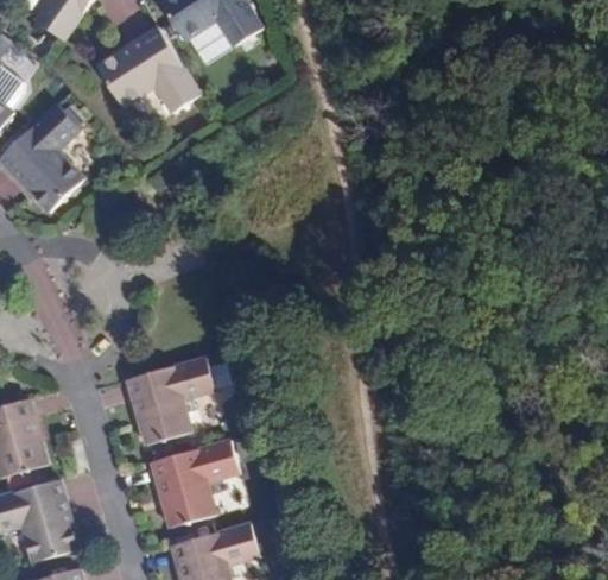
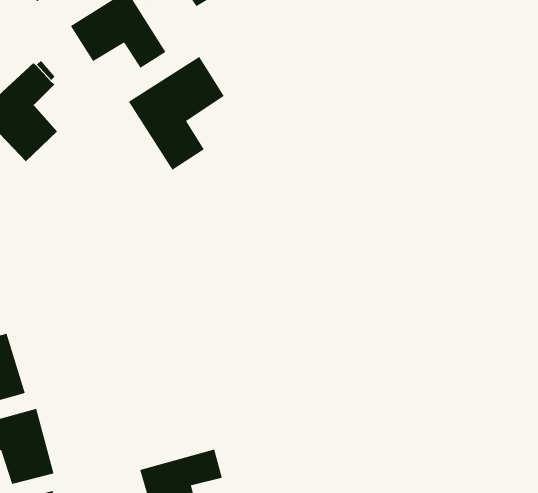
building: none -> [128,56,225,171]
building: [126,357,215,445] -> none
building: [150,440,238,527] -> none

